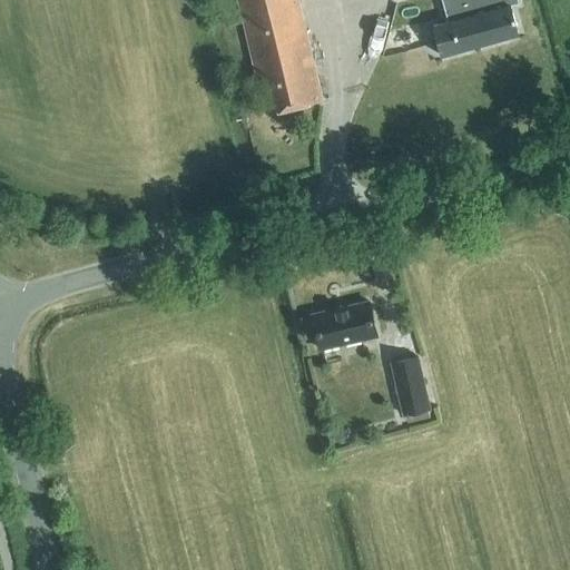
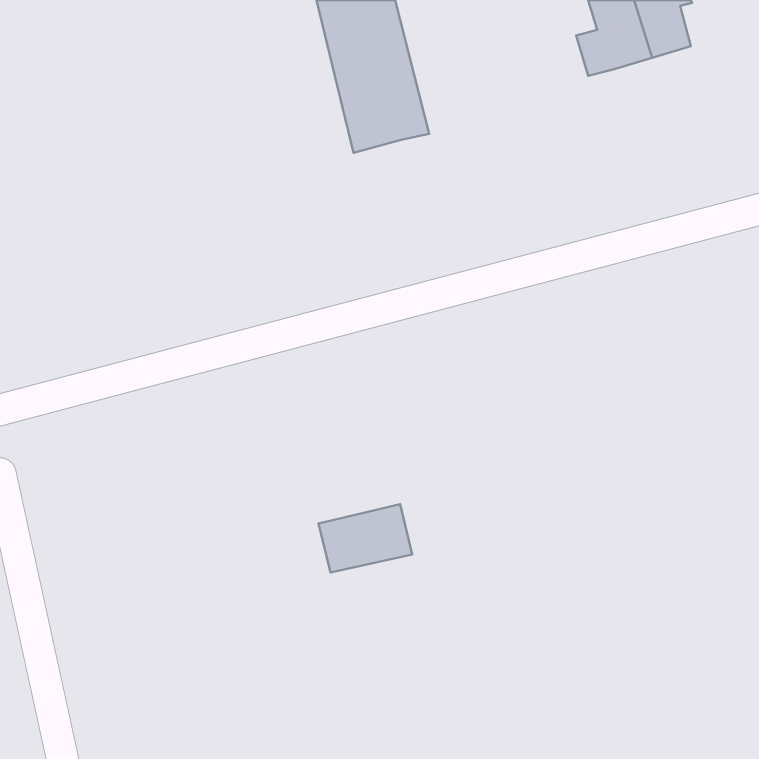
building: [309,299,380,351] -> [319,504,412,572]
building: [390,355,431,423] -> none

